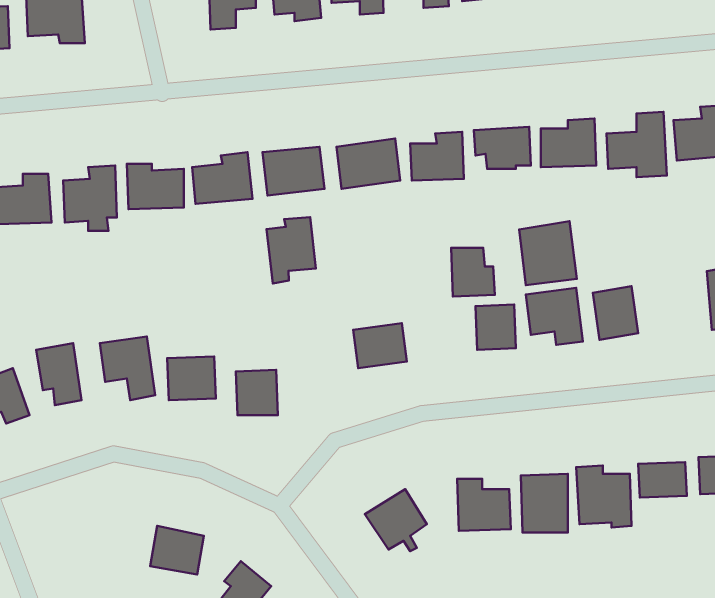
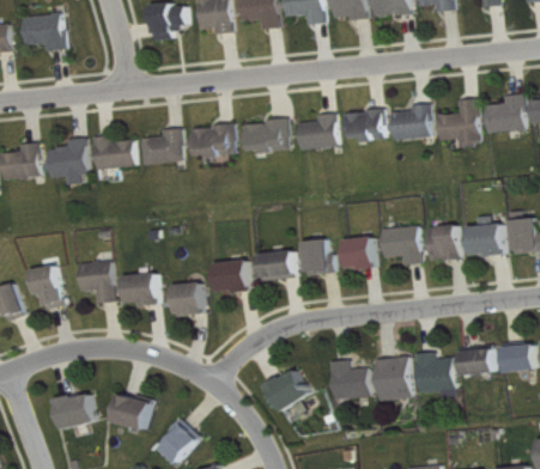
building: [267,217,316,284] -> none
building: [519,221,577,285] -> none
building: [451,248,495,297] -> [301,240,332,275]
building: none -> [466,217,502,256]
building: none -> [211,260,248,294]
building: none -> [54,394,95,430]

